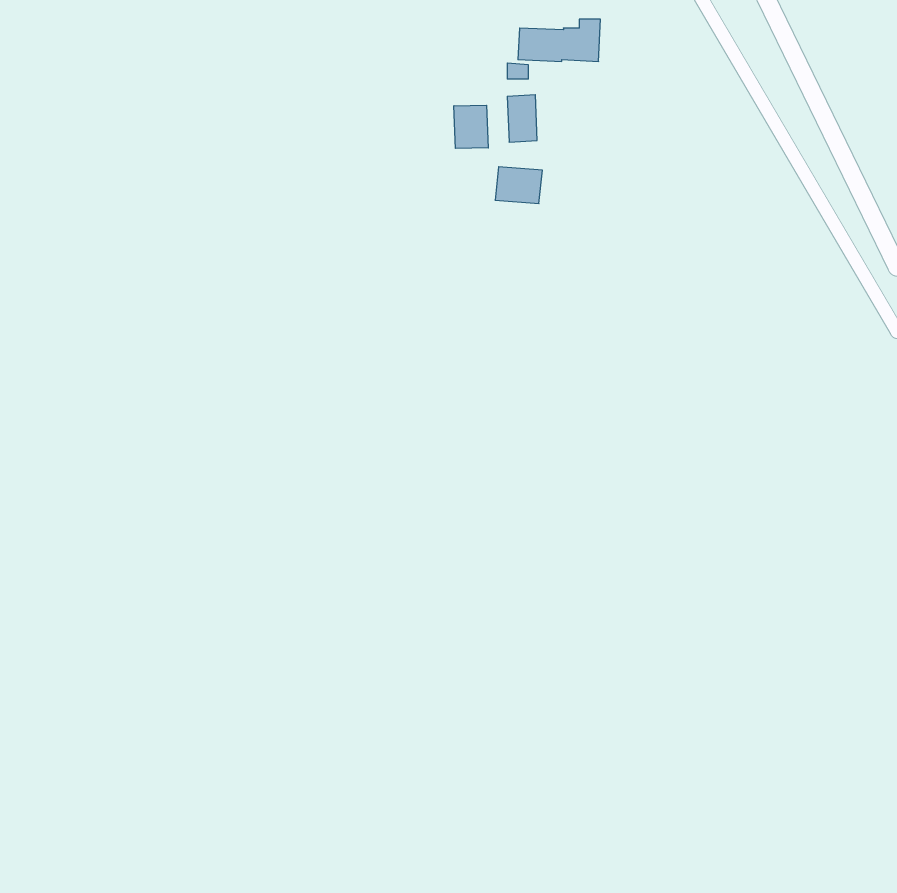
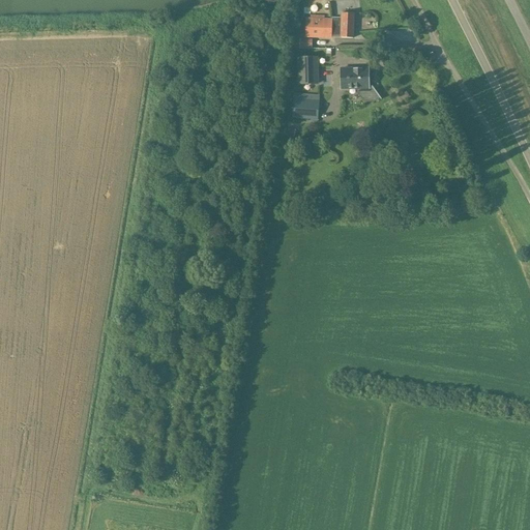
building: [454,105,488,148] -> none
building: none -> [341,67,381,98]

